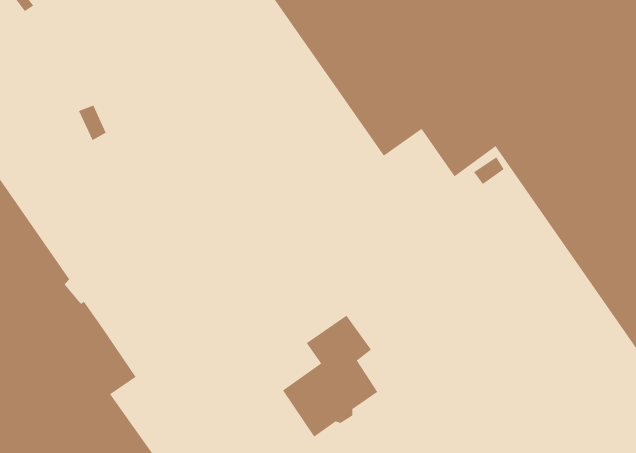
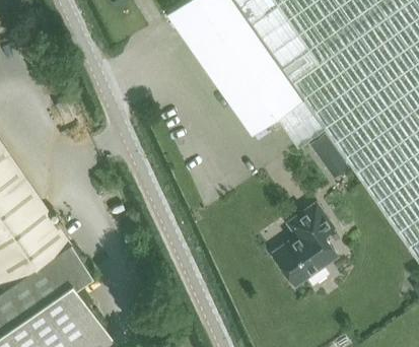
building: [282,315,378,438] -> [275,206,337,285]

